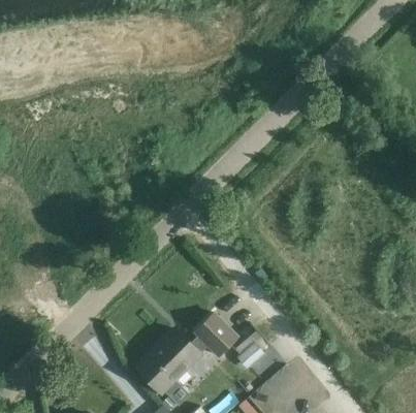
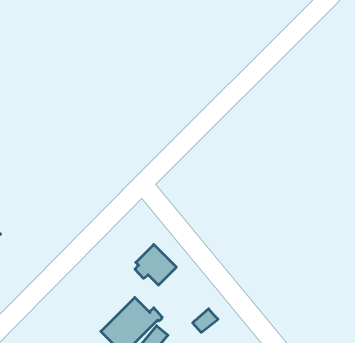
building: [193,314,238,358] -> [135,244,176,285]

